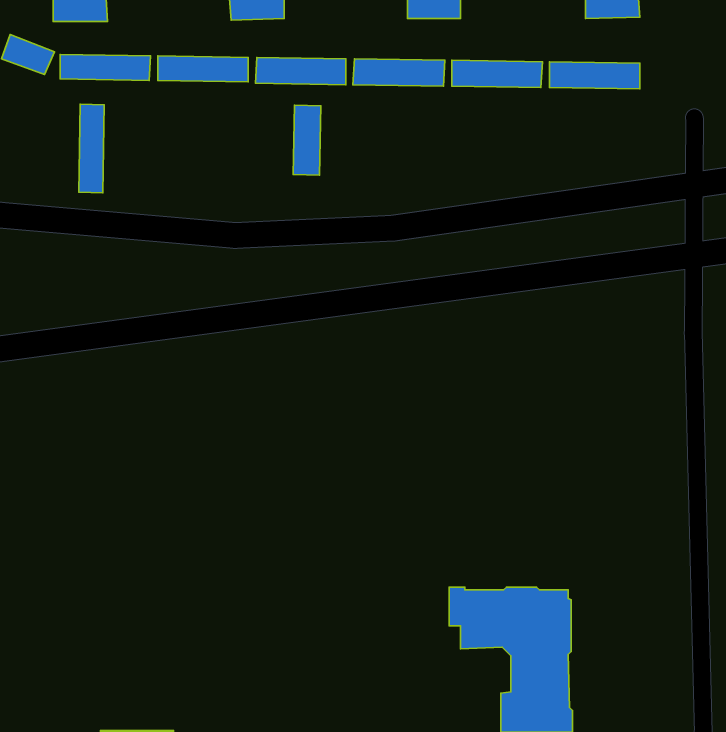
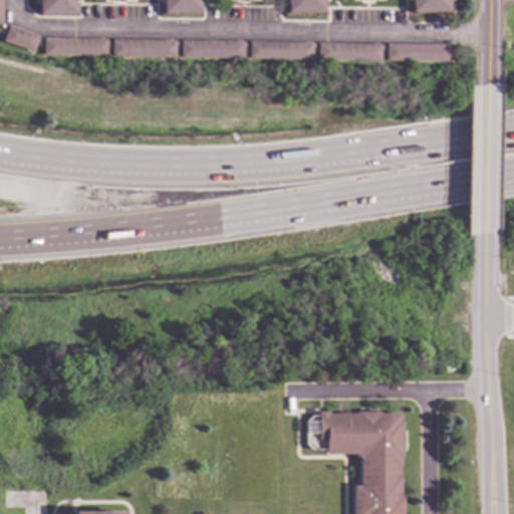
building: [79,104,104,193] -> none
building: [293,105,321,175] -> none

